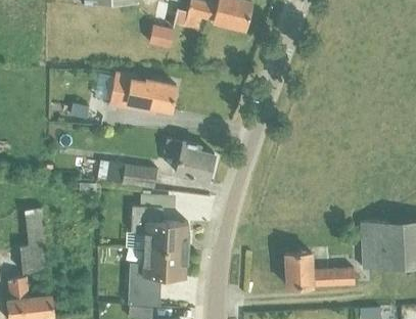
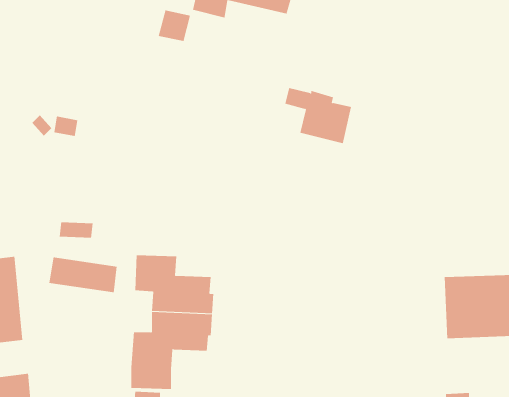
building: [110,74,176,113] -> none
building: [164,139,214,181] -> [285,87,352,144]
building: [106,163,157,189] -> [49,257,117,293]
building: [284,253,354,287] -> none

